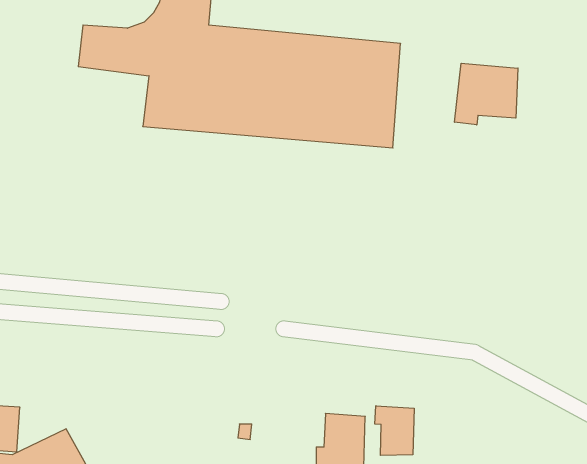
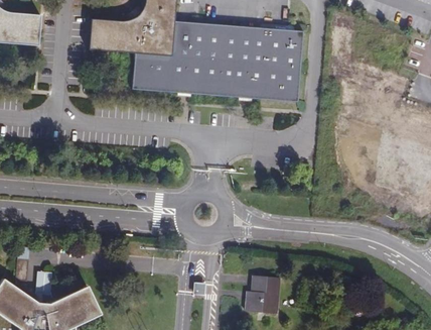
building: [455,63,518,125] -> none
building: [375,406,414,455] -> none

